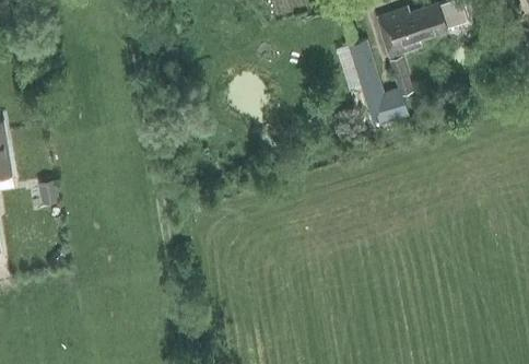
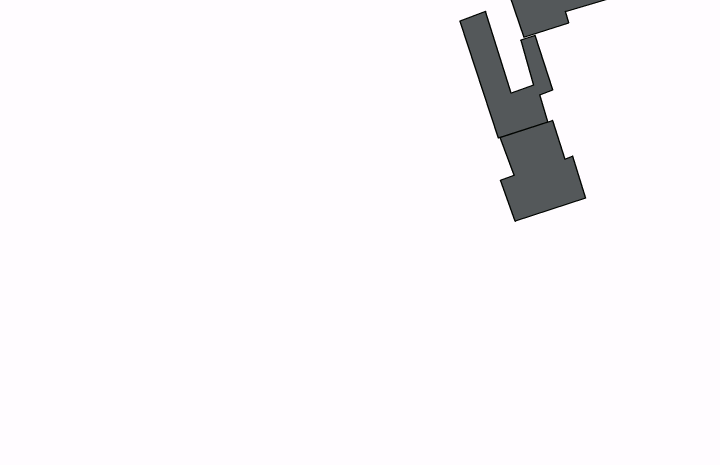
building: none -> [500,120,586,221]

